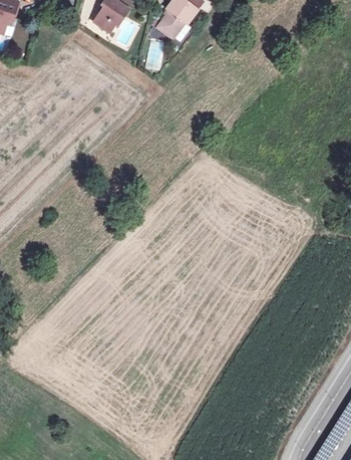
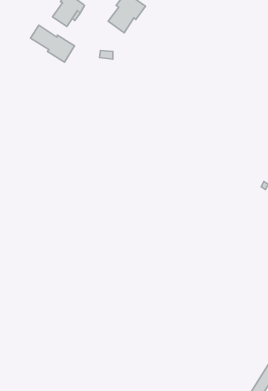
building: none -> [30,25,75,62]

